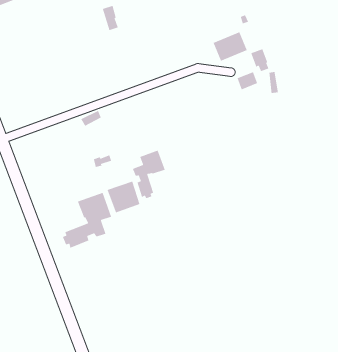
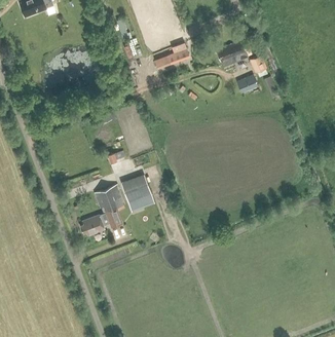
building: none -> [154,41,190,69]
building: [132,150,166,199] -> none

